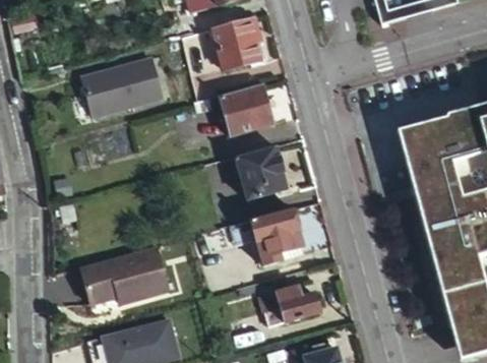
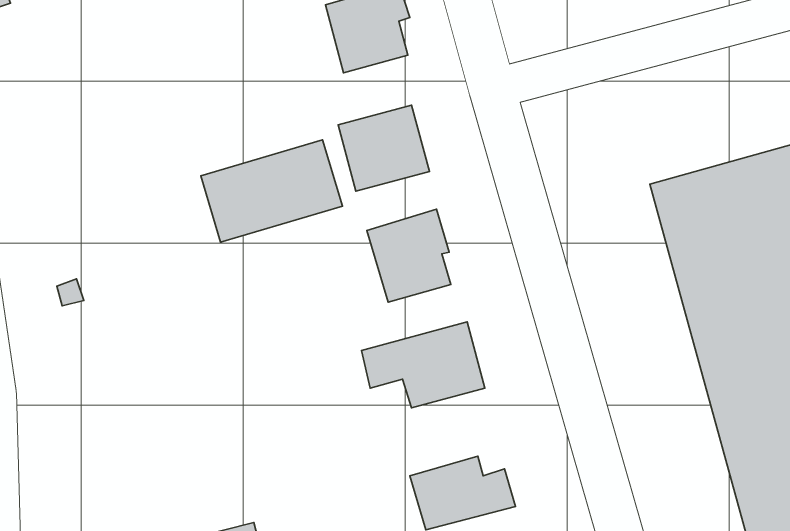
building: [83,60,164,118] -> [201,140,342,242]
building: [82,245,171,303] -> none

